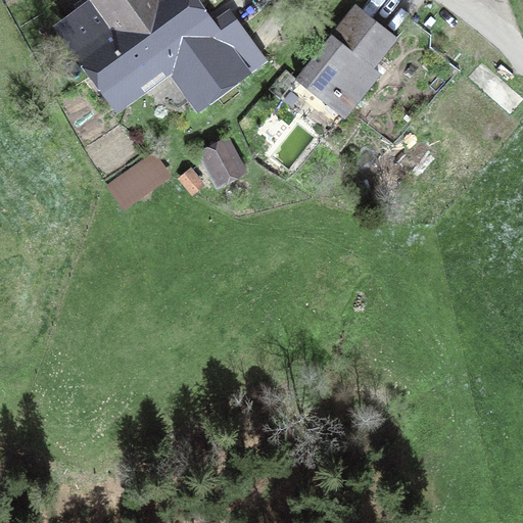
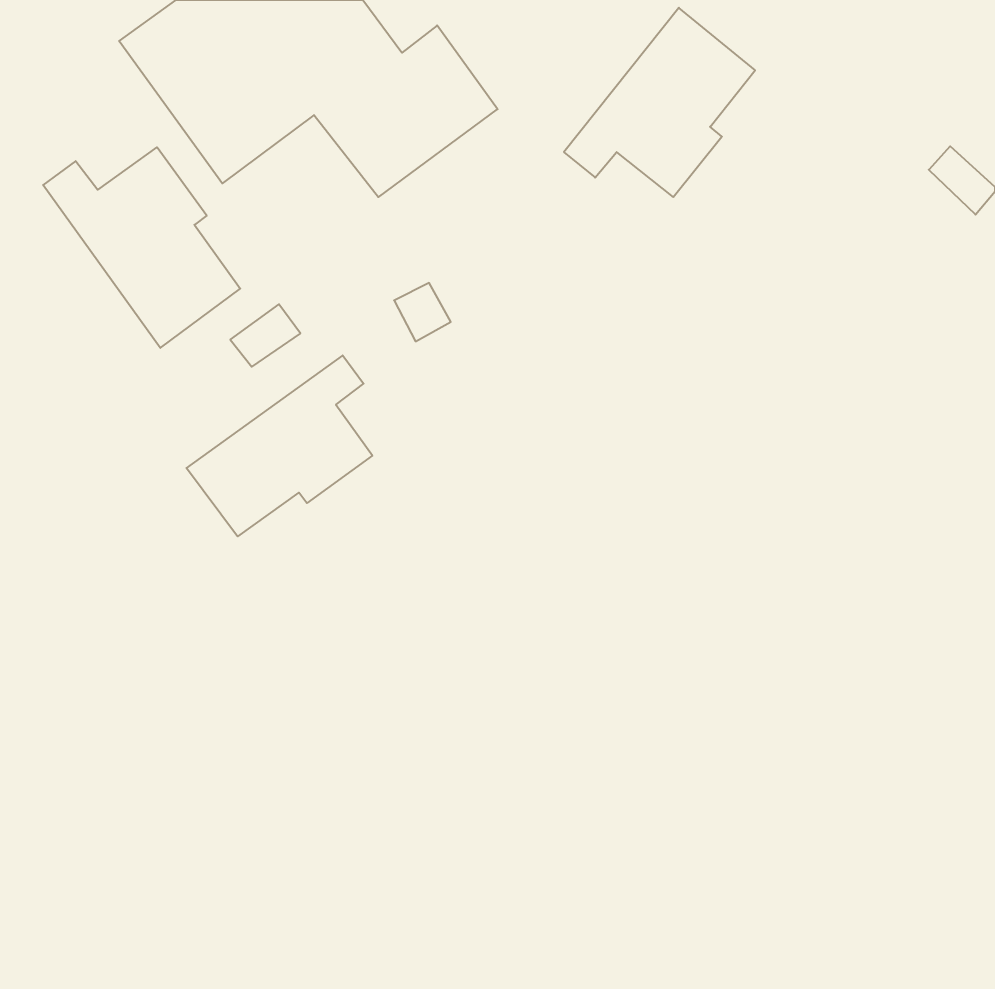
building: none -> [43,147,240,348]
building: none -> [186,355,372,536]

